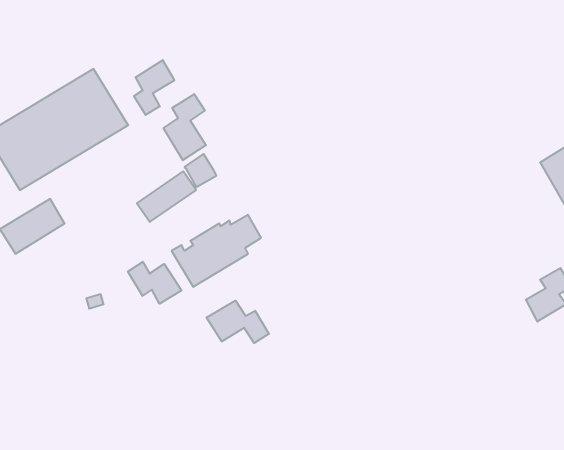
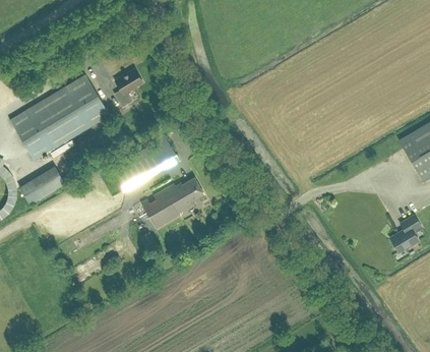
building: [164,94,206,160] -> none
building: [128,262,181,304] -> none
building: [207,301,269,343] -> none

